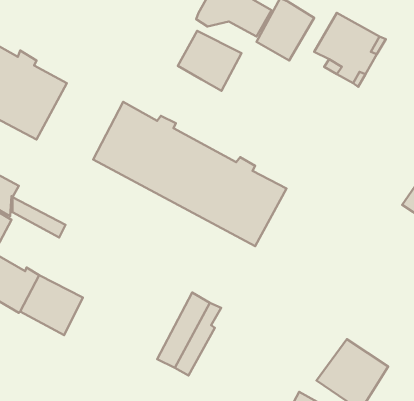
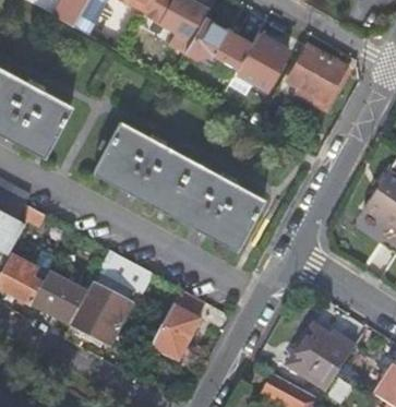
building: [178,31,242,91] -> none
building: none -> [97,249,152,294]
building: none -> [61,283,130,346]

